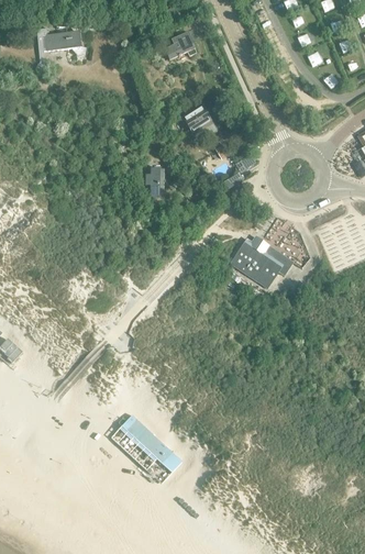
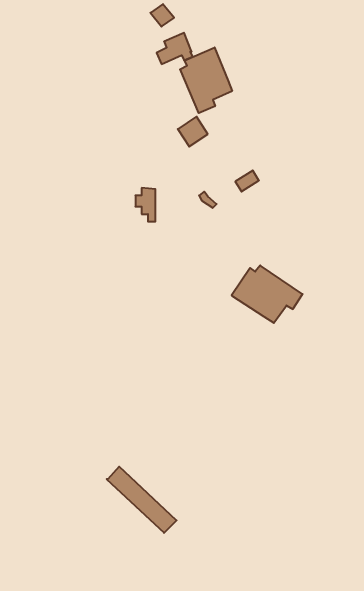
building: [34,27,79,69] -> none
building: none -> [180,47,232,113]

